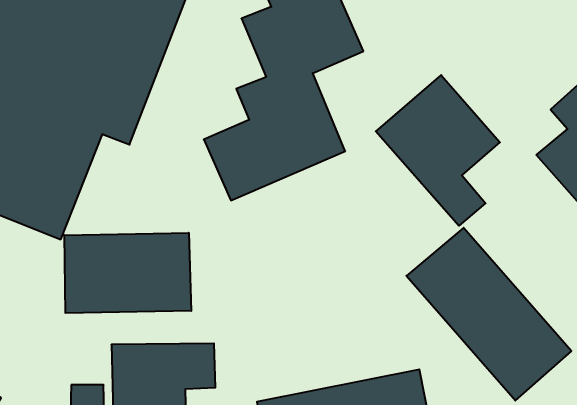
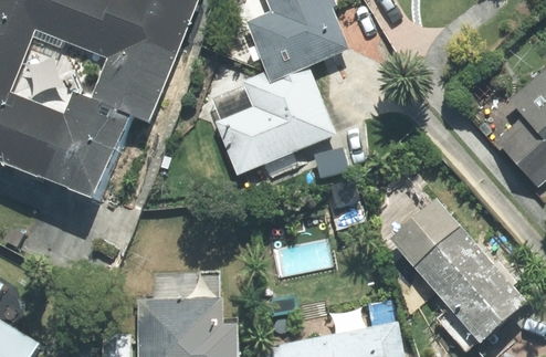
building: [376,75,500,226] -> none
building: [64,233,191,313] -> none

